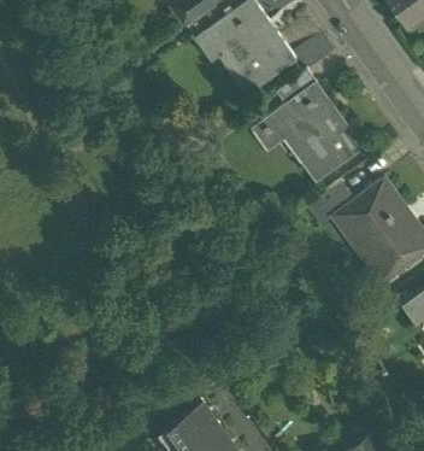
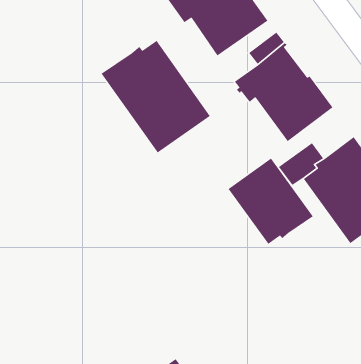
building: none -> [101,40,211,153]
building: none -> [228,158,314,245]

